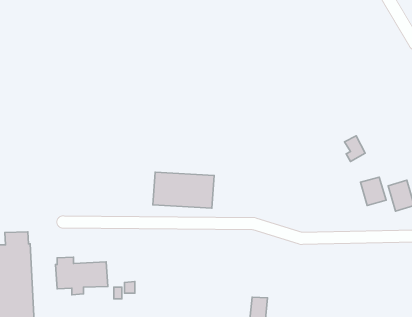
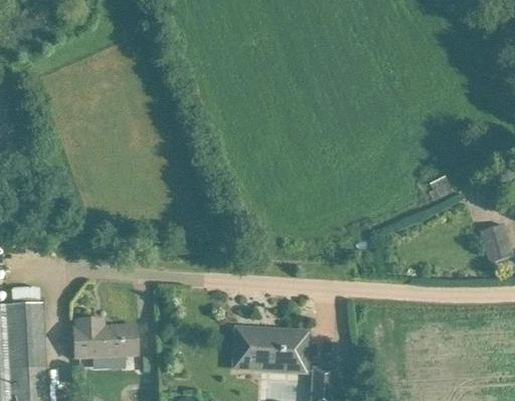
building: [153,172,214,208] -> [232,327,308,371]
building: [360,177,386,206] -> none

